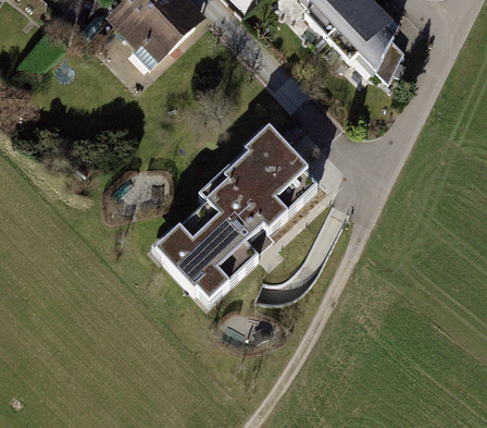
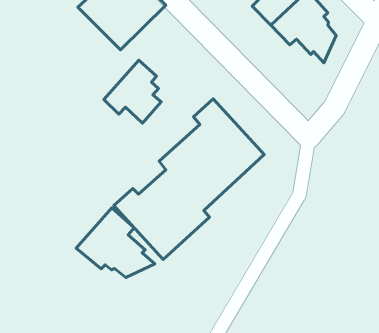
building: none -> [104,60,161,123]
building: none -> [76,208,155,278]

